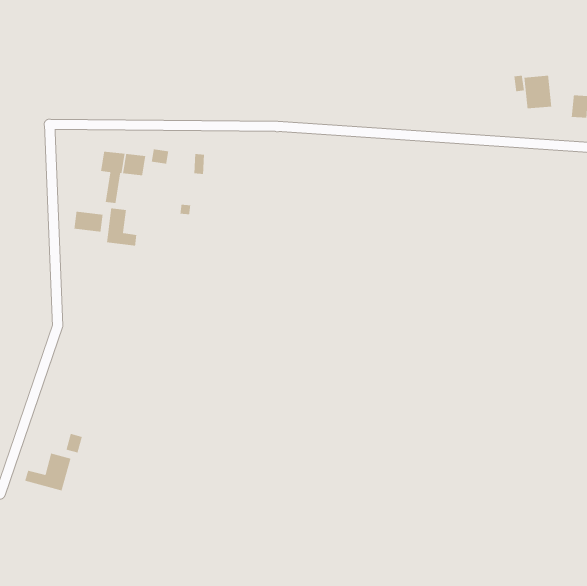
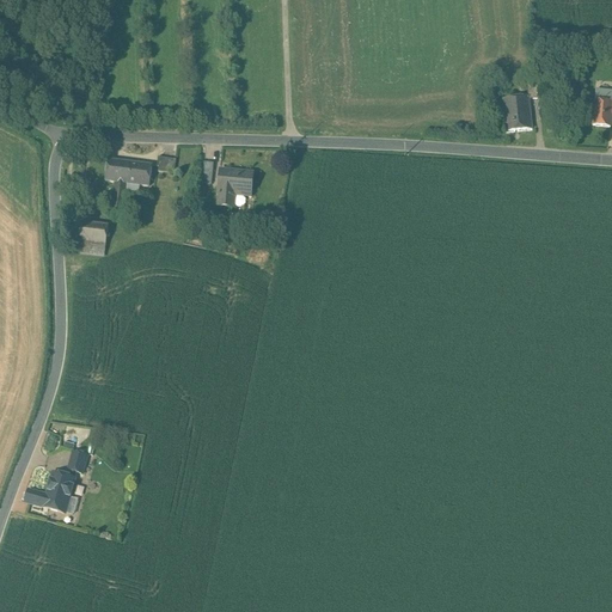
building: [523,75,552,109] -> [503,93,533,129]
building: none -> [219,166,253,204]
building: [106,208,137,247] -> none

